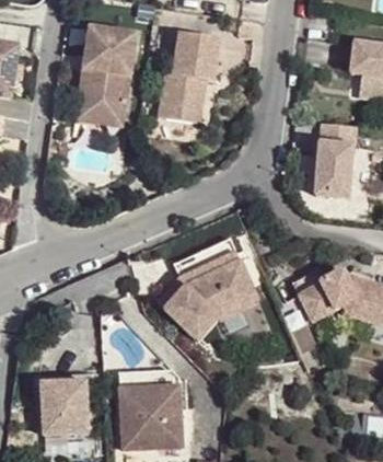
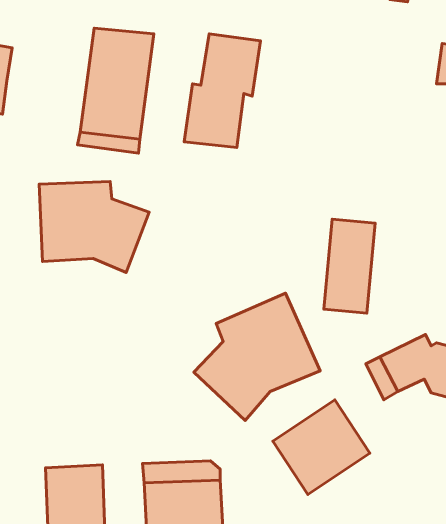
building: [315,123,356,197] -> [324,219,375,313]
building: none -> [39,181,149,272]
building: none -> [273,400,370,495]

